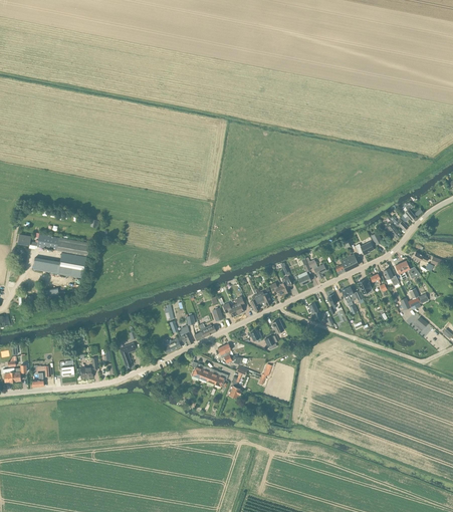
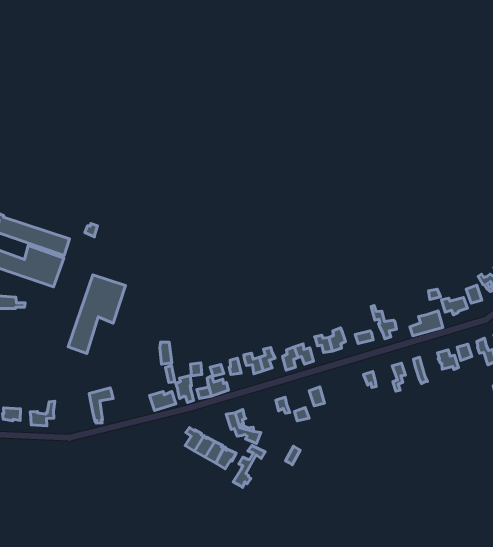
building: none -> [68,275,126,353]

